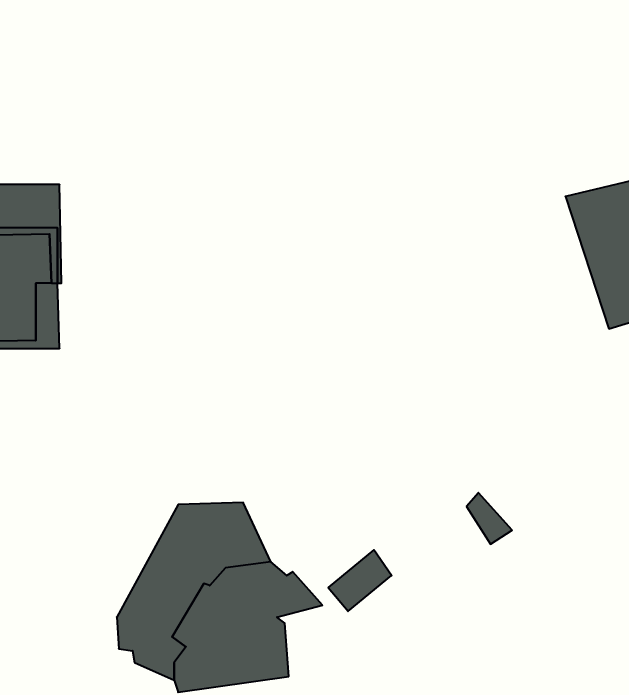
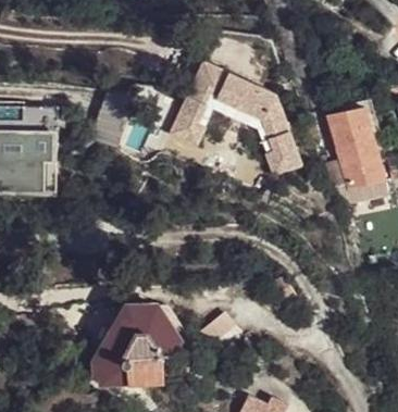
building: none -> [161,59,306,180]

